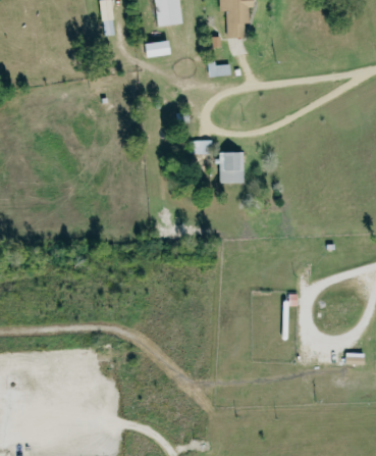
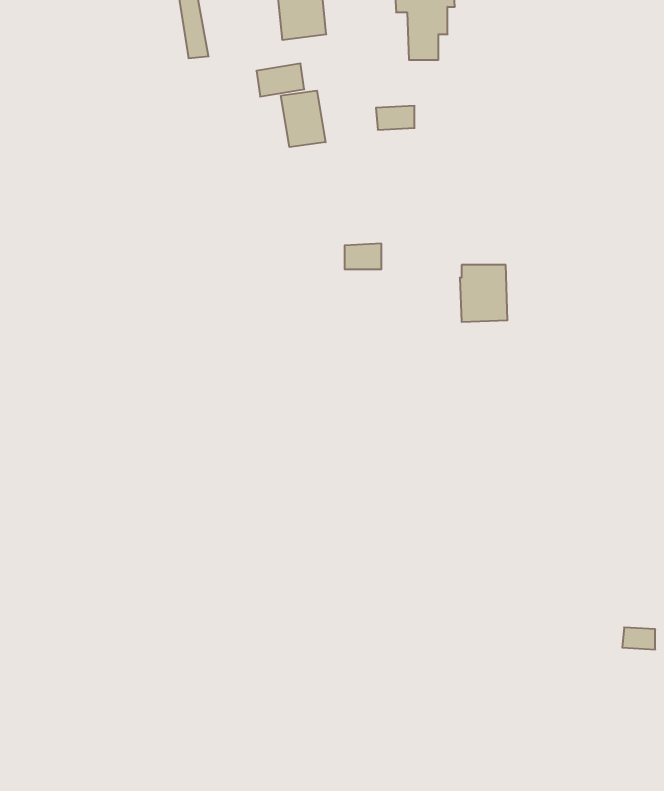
building: none -> [281,91,326,147]
building: [218,152,245,184] -> [460,265,508,322]

